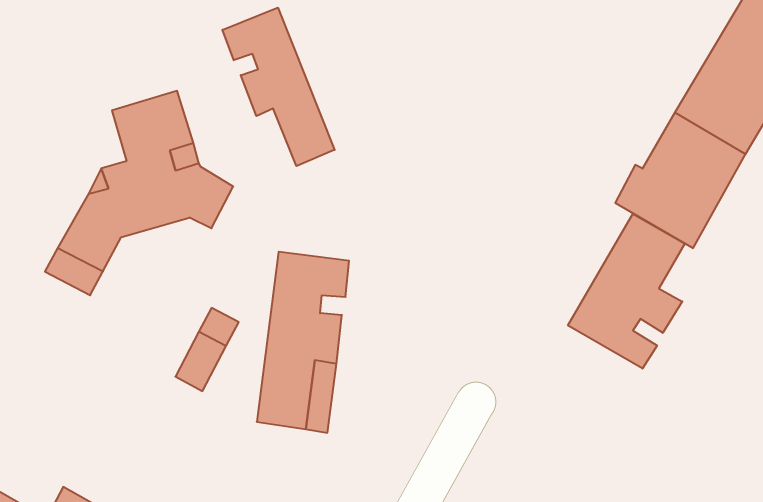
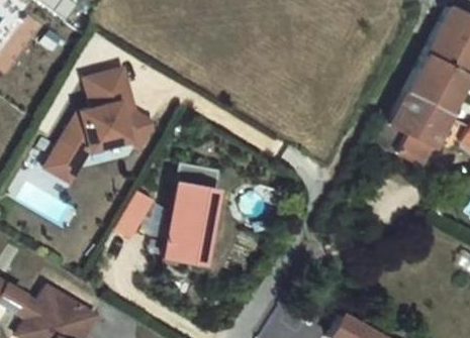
building: [222,8,335,166] -> none
building: [568,214,685,369] -> none

